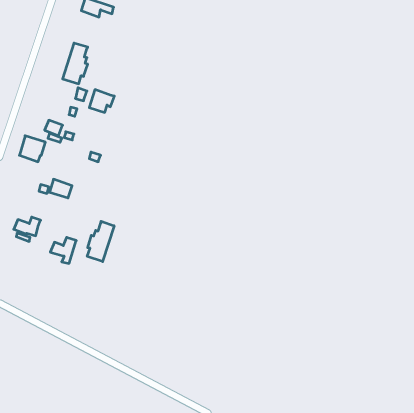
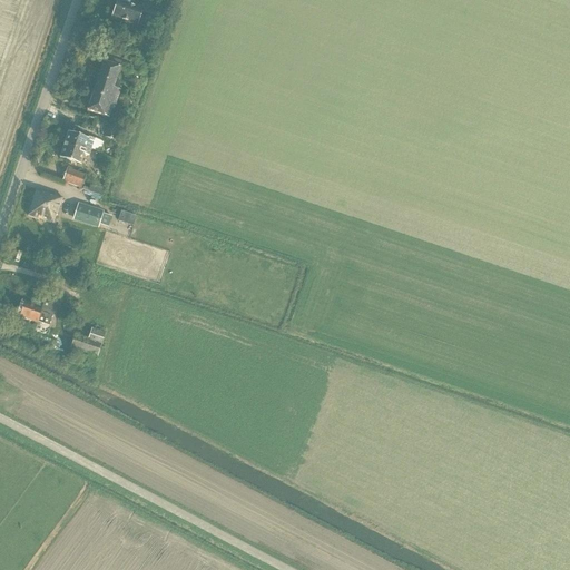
building: [89,90,114,112] -> [59,130,94,161]
building: [49,179,72,198] -> [72,199,104,225]
building: [87,221,114,262] -> none

